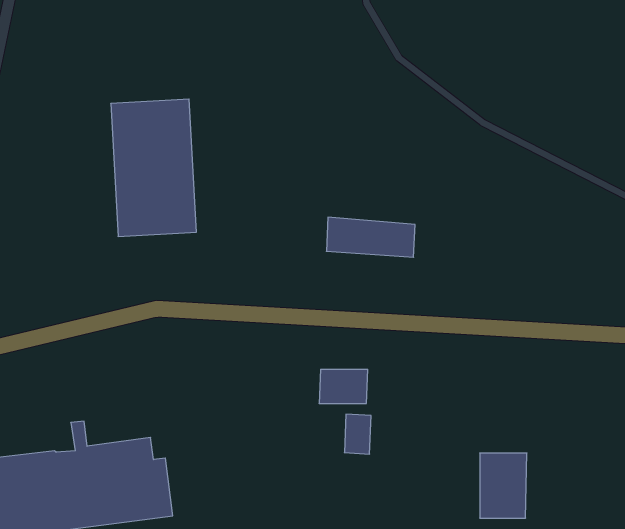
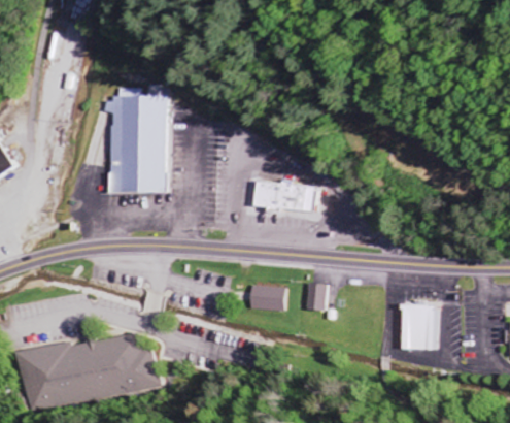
building: [344,414,371,454] -> [308,284,327,312]
building: [480,453,527,518] -> [407,304,440,350]

